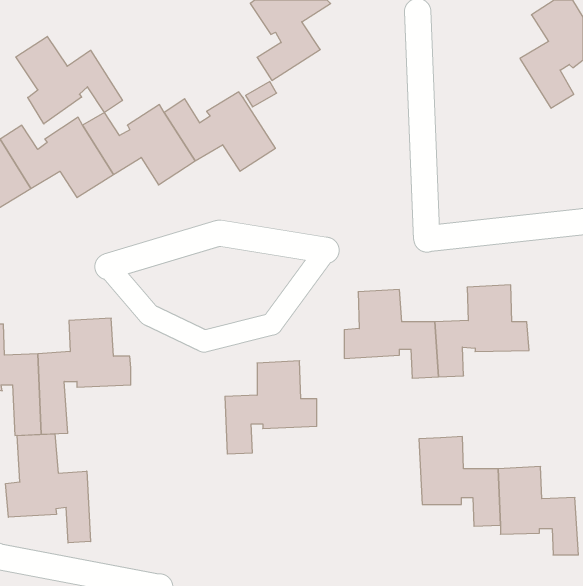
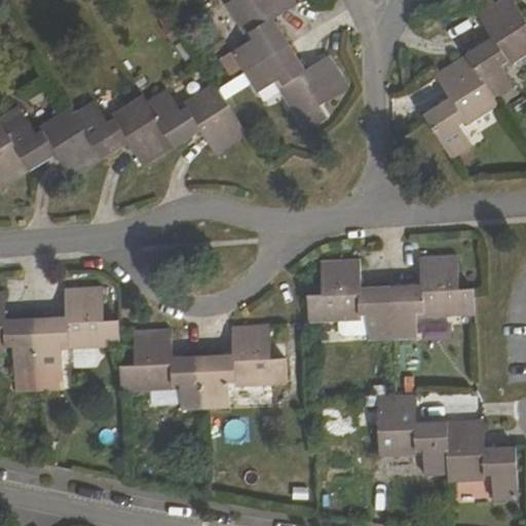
building: [16,36,122,124] -> none
building: none -> [243,45,347,130]
building: none -> [423,53,498,158]
building: none -> [118,328,203,408]
building: [6,434,91,543] -> none

